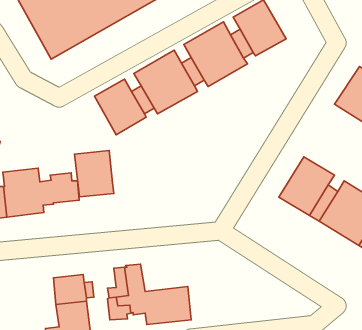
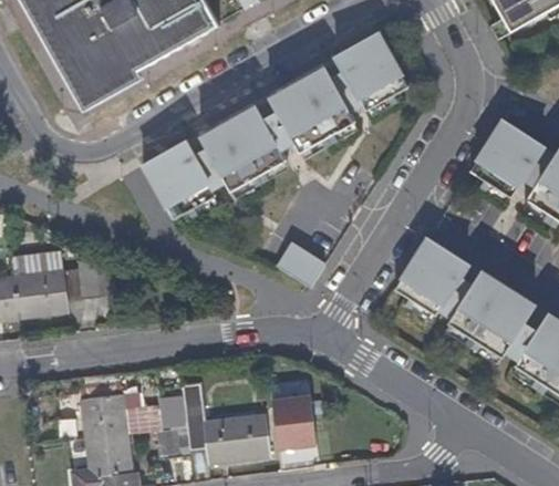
building: [75,151,114,197] -> none
building: none -> [278,250,325,292]
building: none -> [273,400,319,453]

